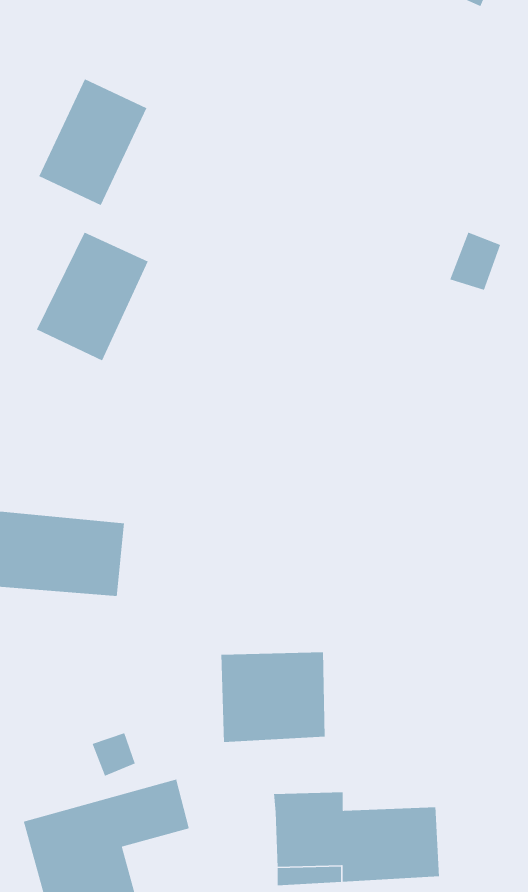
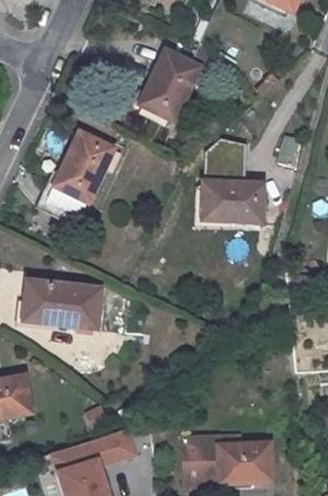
building: [38,78,148,206] -> [139,51,198,120]
building: none -> [201,183,261,224]
building: [220,651,326,743] -> none

